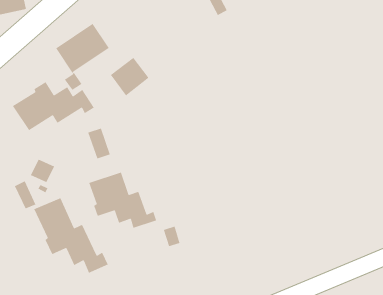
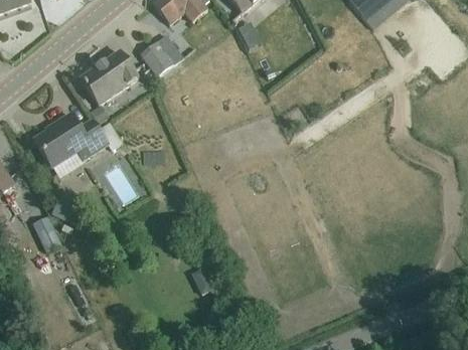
building: [110,57,149,97] -> [140,34,182,76]
building: [88,172,157,229] -> none
building: [33,197,109,274] -> none

